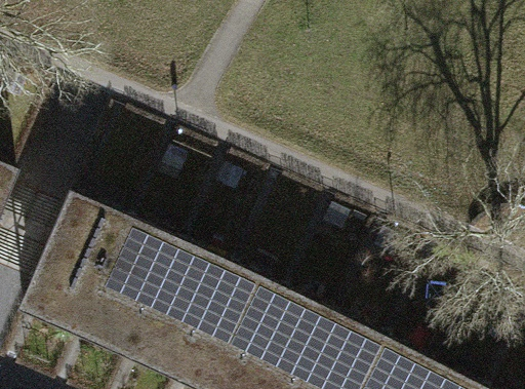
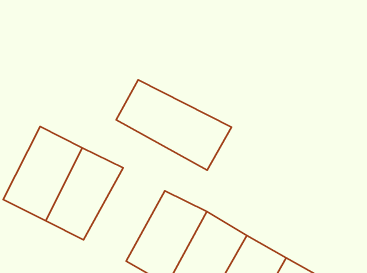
building: none -> [116,80,232,170]
building: [128,244,223,357] -> none

